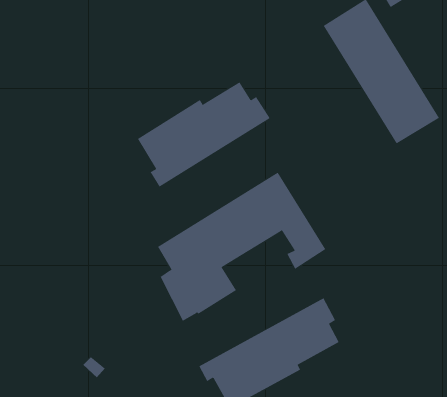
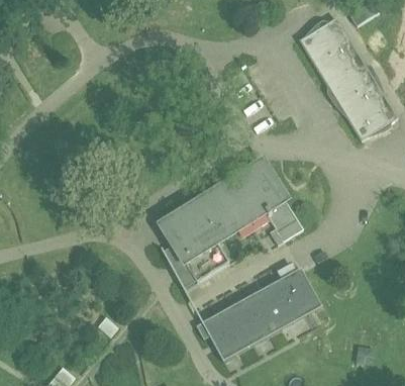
building: [137,82,271,187] -> none

